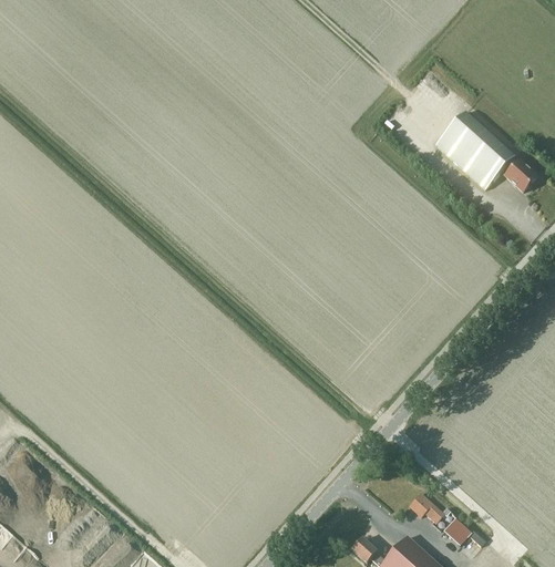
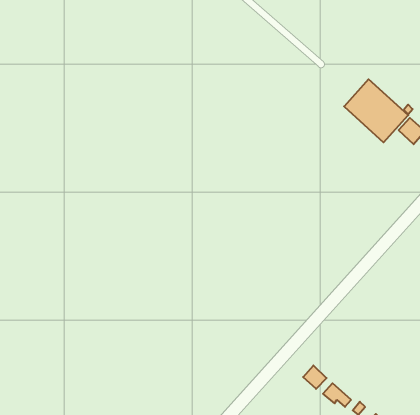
building: none -> [303,365,327,389]

